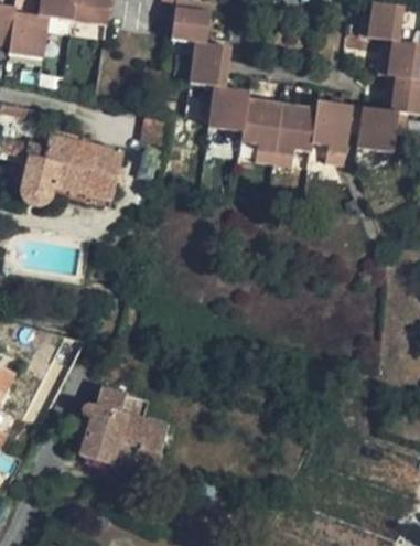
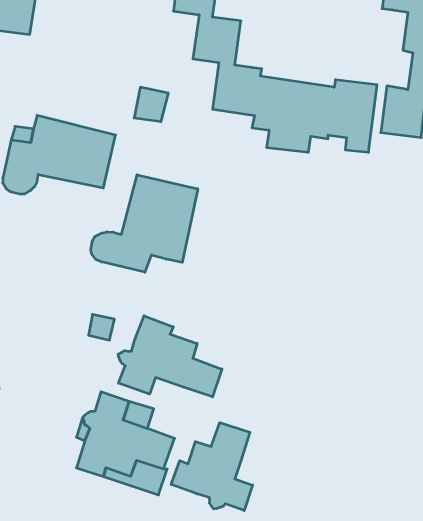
building: none -> [91,175,198,272]
building: none -> [118,316,222,397]
building: none -> [171,423,253,511]

